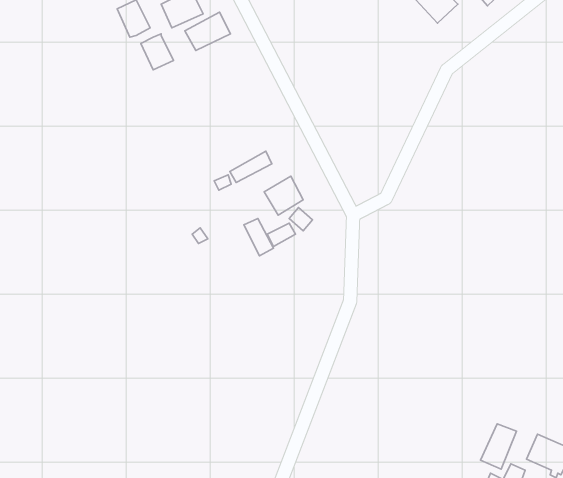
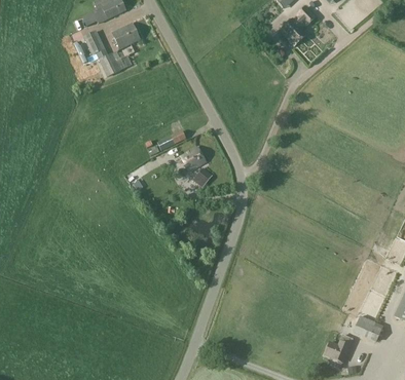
building: [185,12,231,51] -> none
building: [480,424,517,469] -> none

